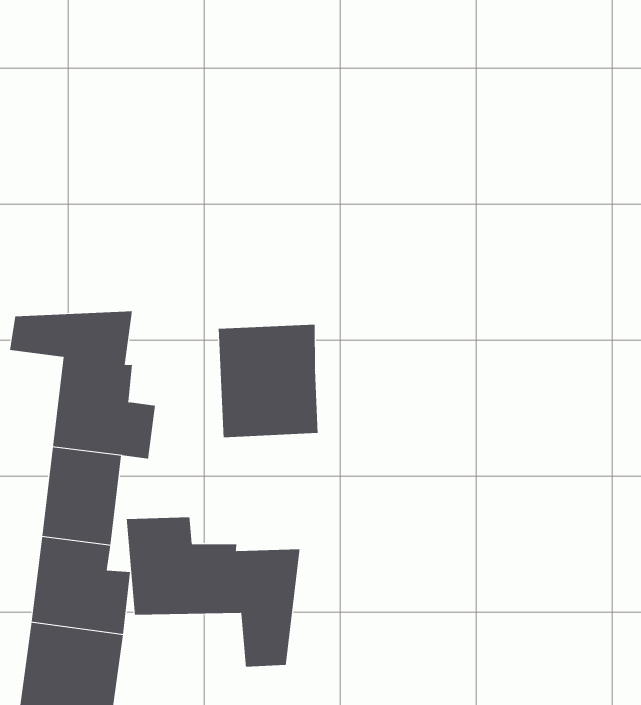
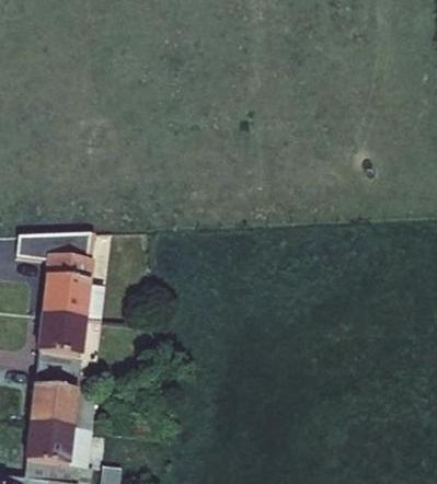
building: [218,324,318,438] -> none
building: [126,516,300,667] -> none

